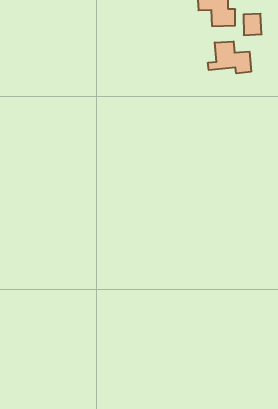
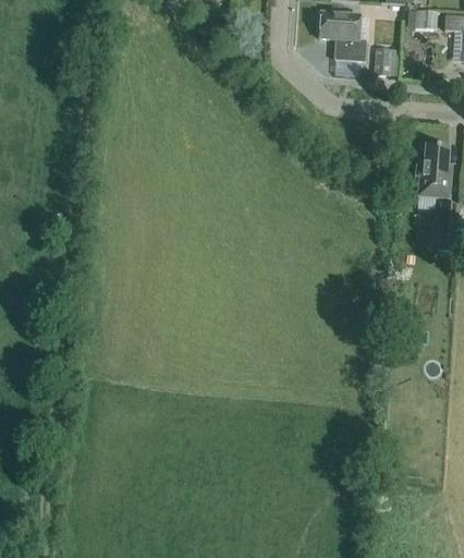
building: [208,41,251,73] -> none

